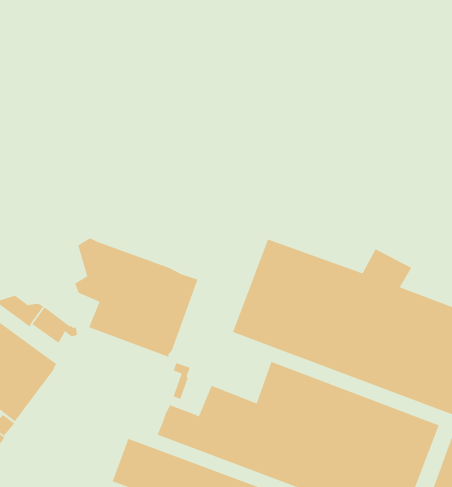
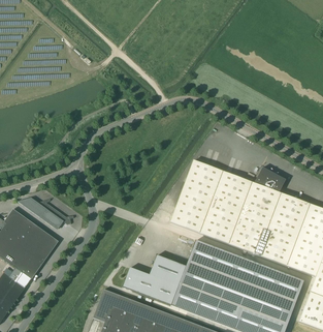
building: [75,237,198,357] -> none

